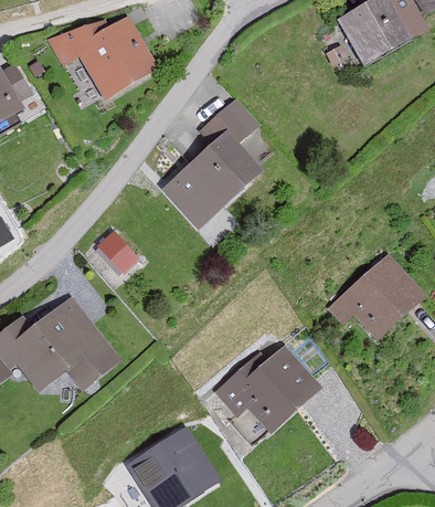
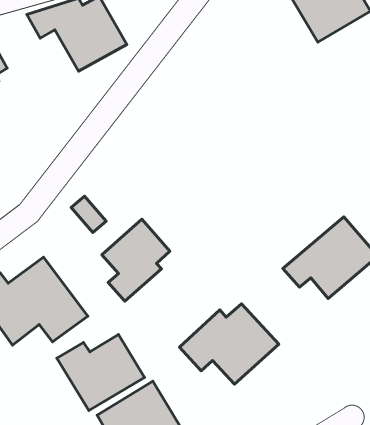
building: [160,106,261,230] -> none
building: none -> [102,219,170,301]
building: none -> [57,335,144,411]

